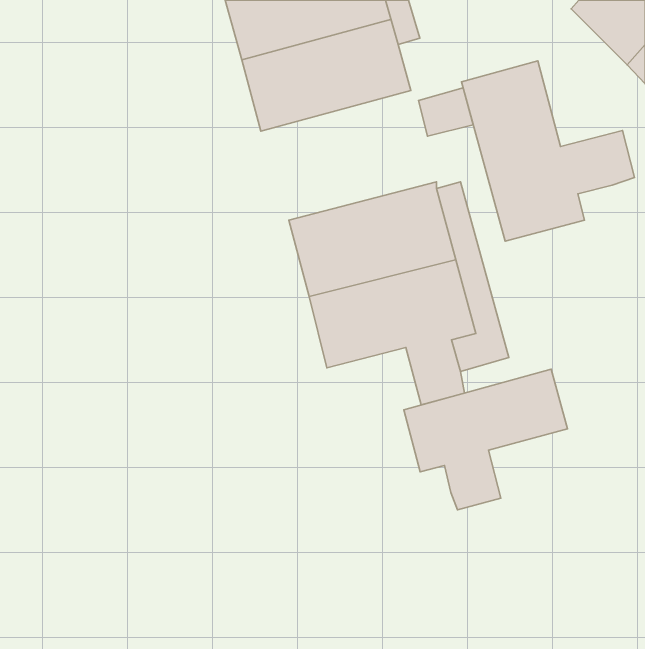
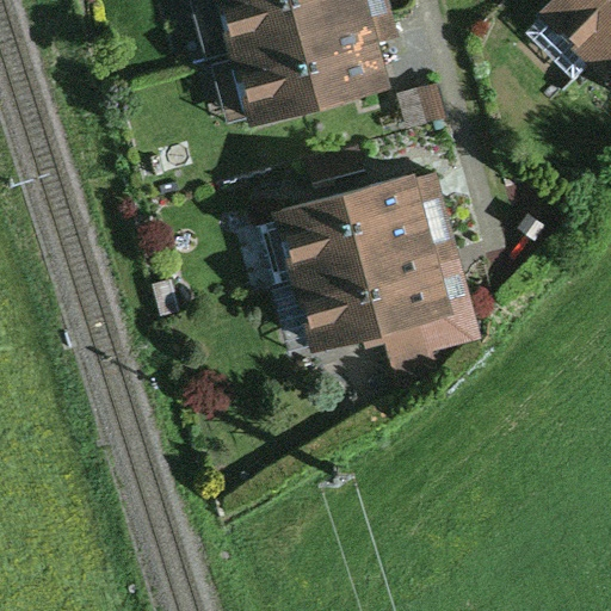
building: [461,61,635,241] -> none
building: [404,369,568,510] -> none

